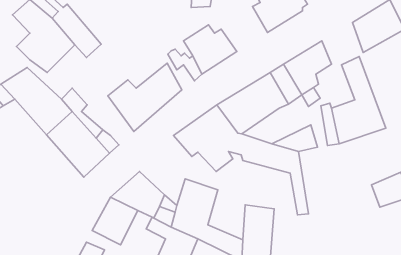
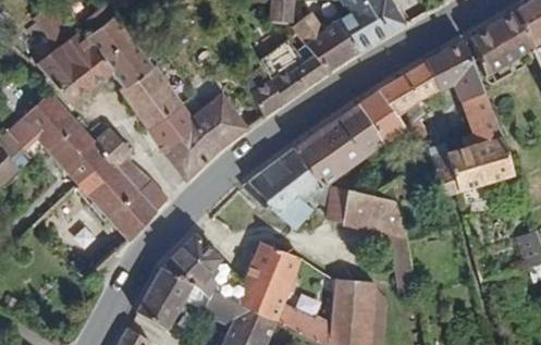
building: none -> [287,13,364,75]
building: none -> [434,40,483,93]
building: none -> [125,65,181,133]

